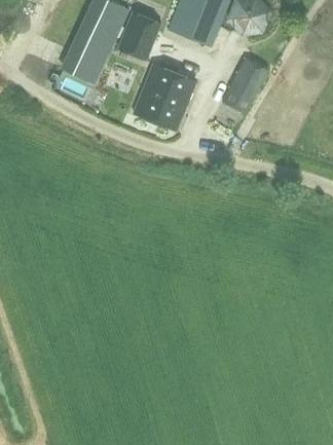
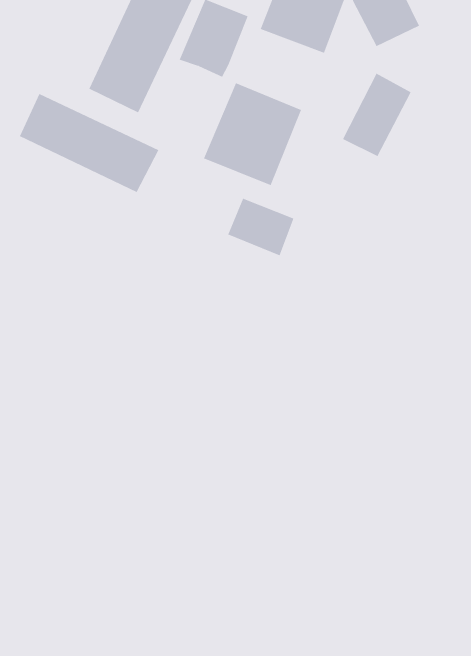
building: none -> [19,93,159,193]
building: none -> [228,198,294,256]

